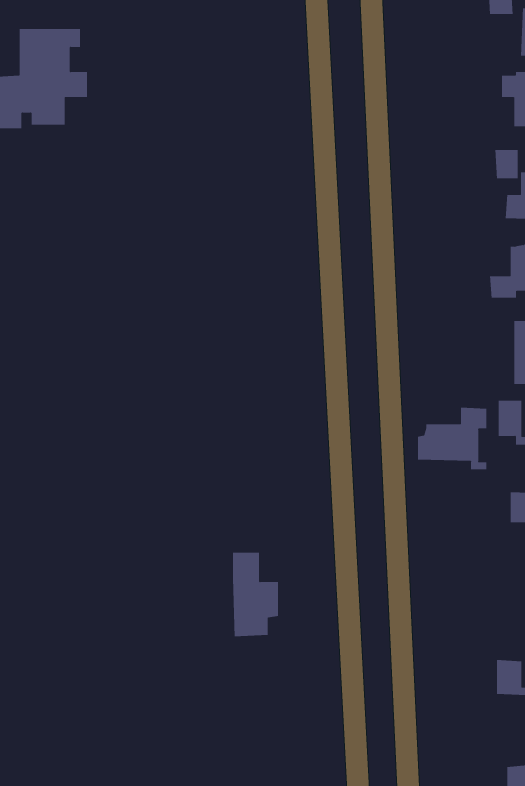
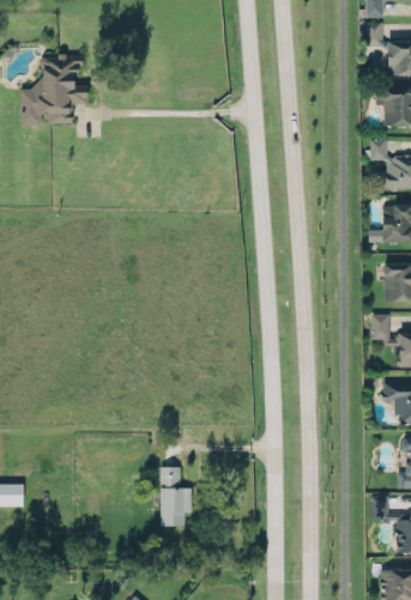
building: [418,407,487,470] -> none
building: [232,552,279,637] -> [161,468,193,527]

